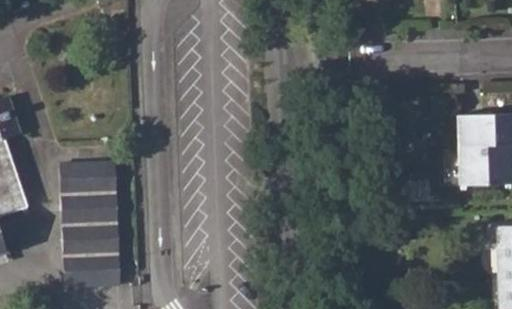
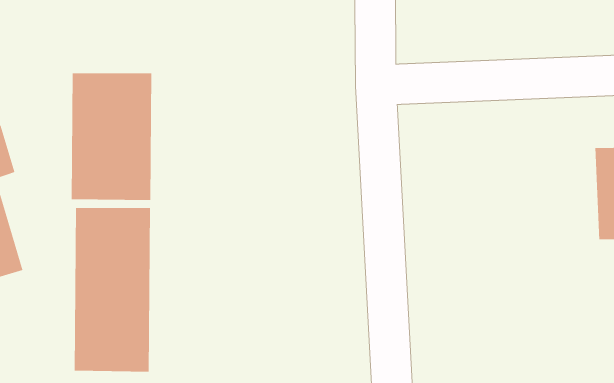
building: none -> [71,73,152,201]

